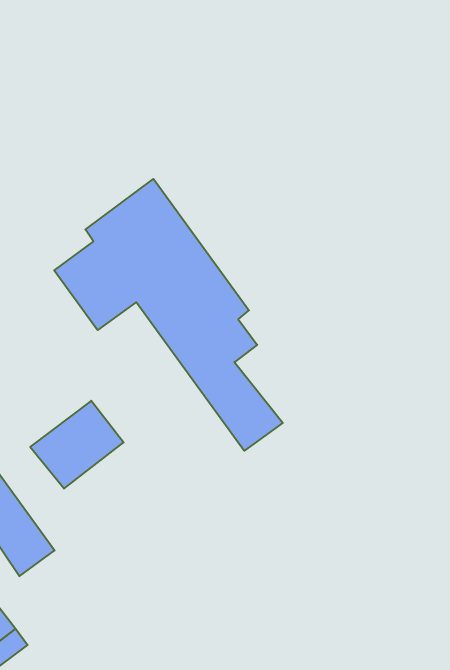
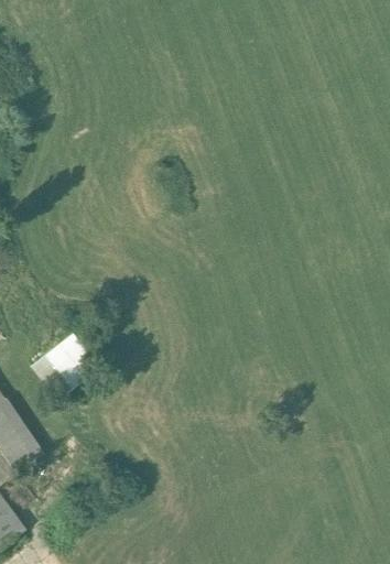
building: [54,179,283,451] -> none

